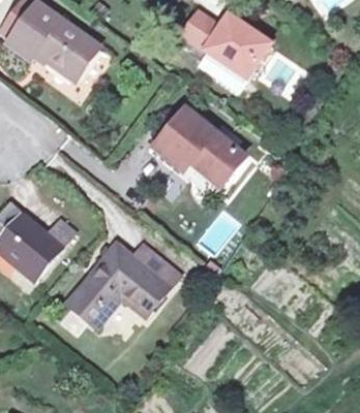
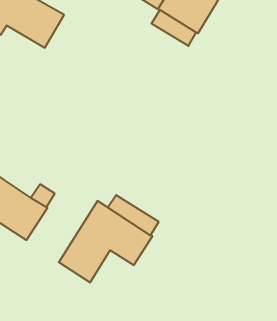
building: [155,109,243,184] -> none

